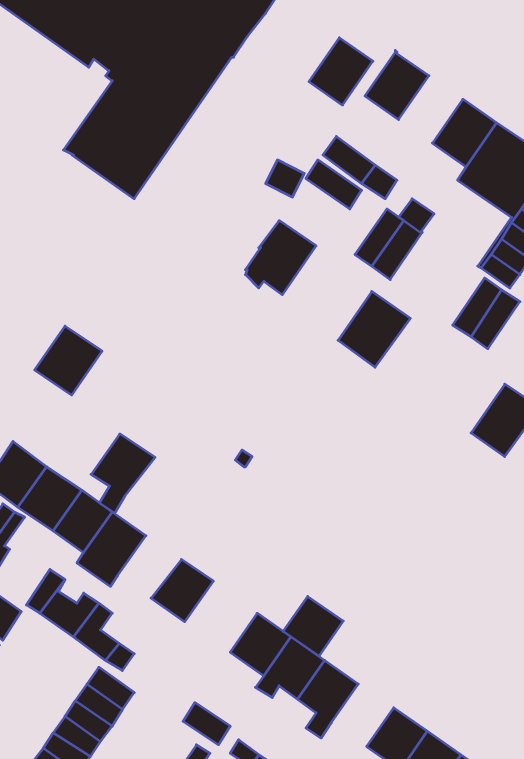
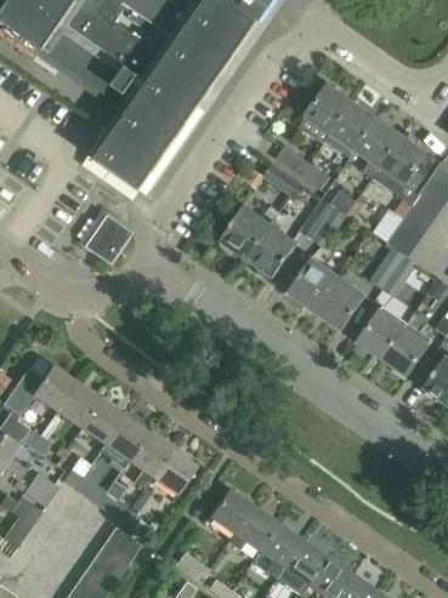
building: [309,38,373,105] -> [330,101,376,149]
building: none -> [246,223,297,279]
building: none -> [313,275,365,330]
building: [35,326,102,395] -> [85,213,134,263]
building: none -> [357,304,407,358]
building: [91,434,155,513] -> [127,432,174,489]
building: [283,596,343,656] -> none
building: none -> [282,539,327,583]

